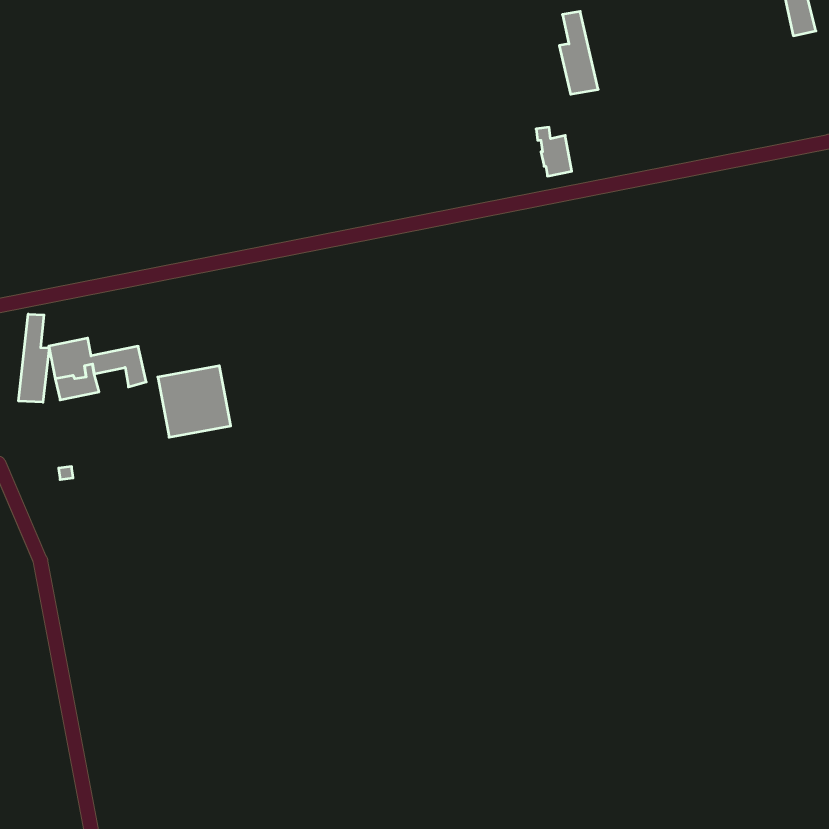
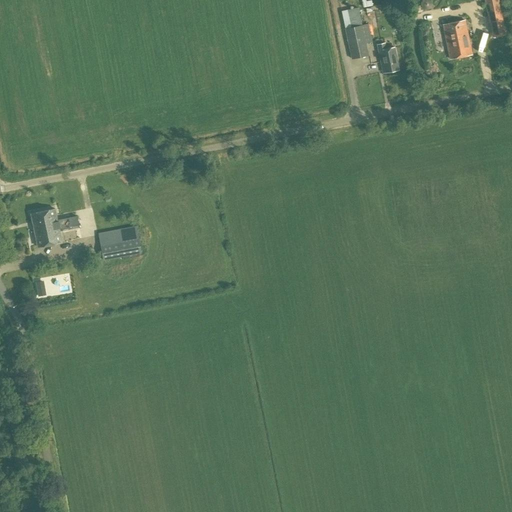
building: none -> [443,20,470,58]
building: [536,127,572,176] -> [376,42,398,72]
building: [19,314,49,402] -> none

